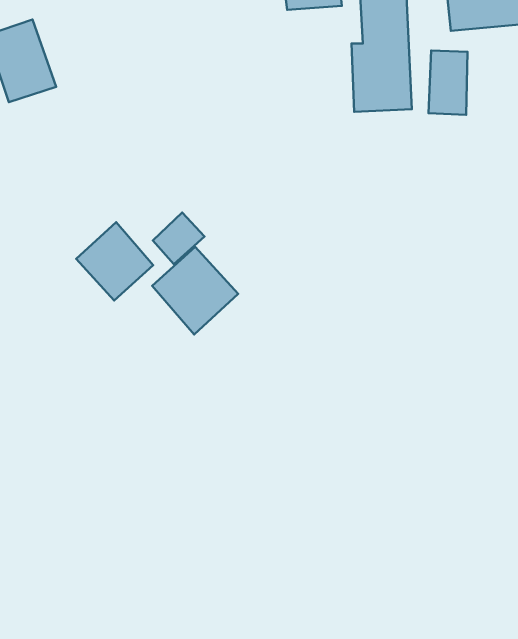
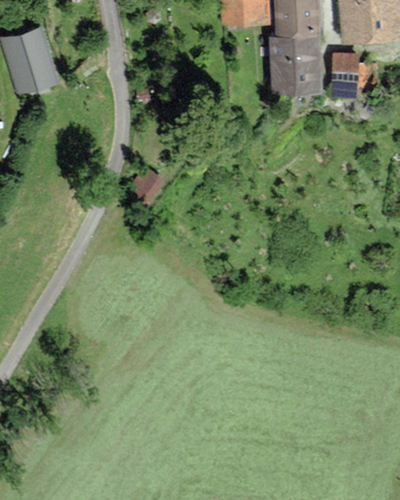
building: [76,222,153,301] -> none
building: [152,247,238,334] -> none

